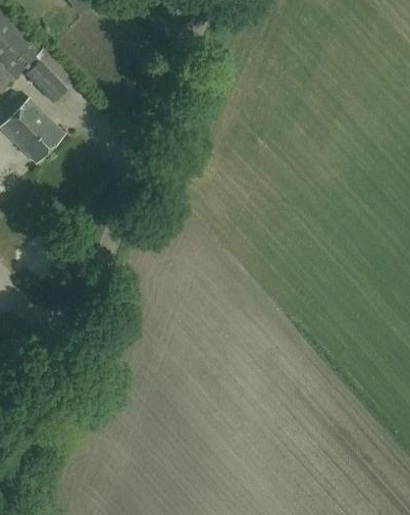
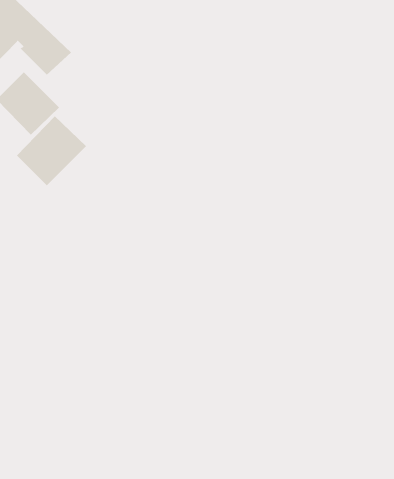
building: none -> [16,115,87,186]

